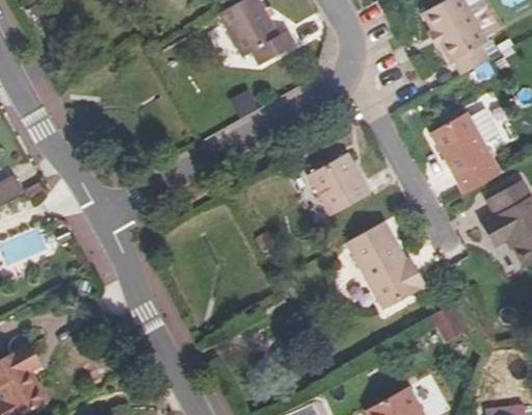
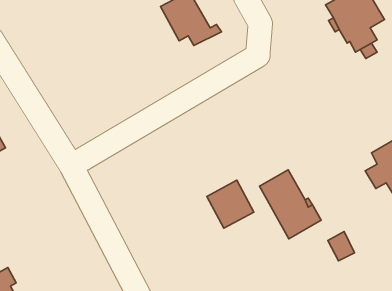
building: [430,105,499,192] -> none
building: [308,152,368,213] -> [207,180,254,228]

